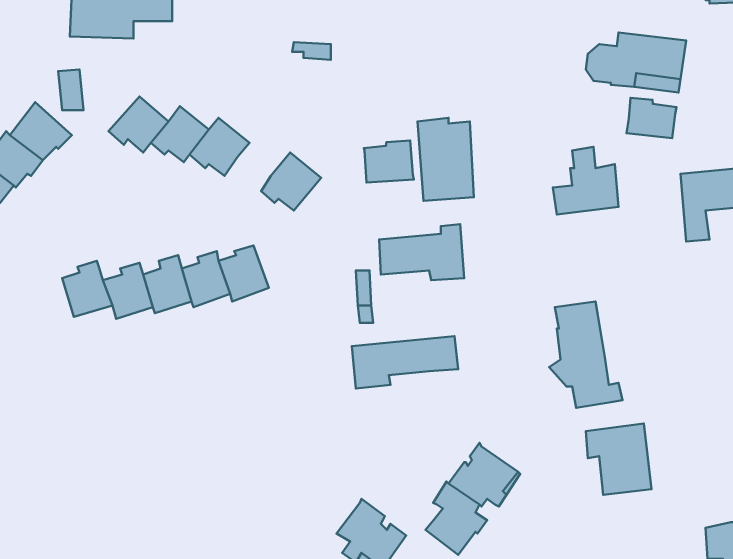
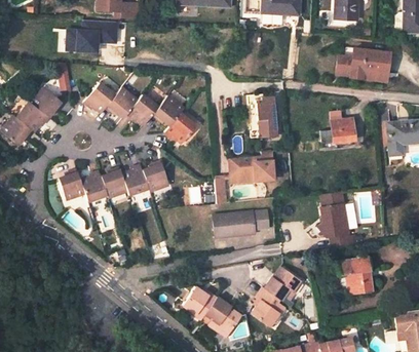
building: [626,98,676,138] -> none
building: none -> [152,95,184,124]
building: [364,141,414,183] -> none
building: none -> [183,286,217,319]

